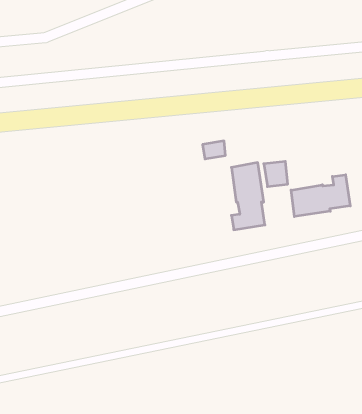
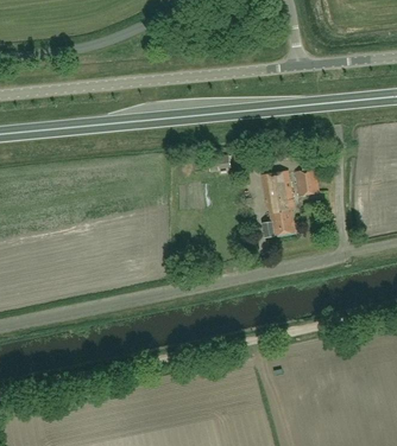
building: [291,175,350,217] -> none

